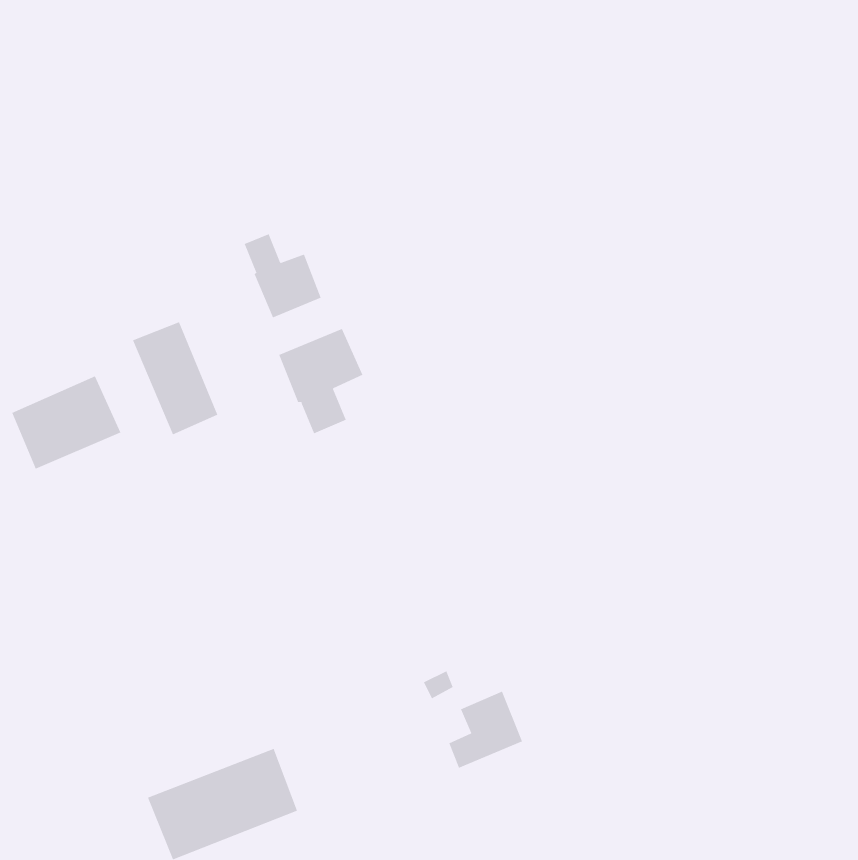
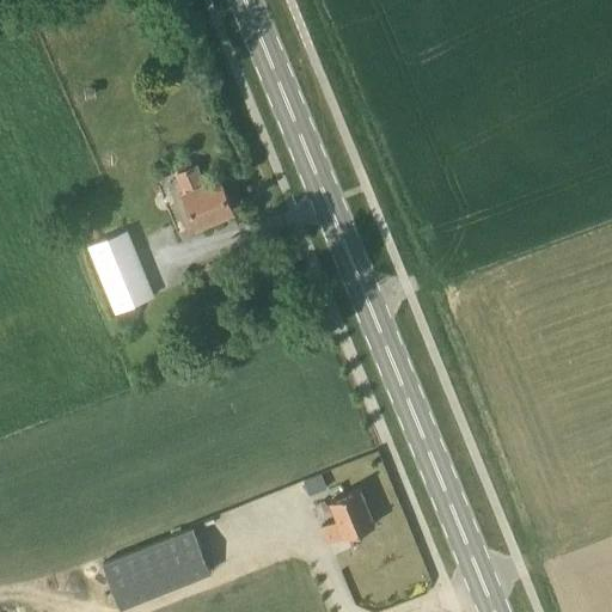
building: [278,328,363,434] -> none
building: [12,375,121,470] -> none

